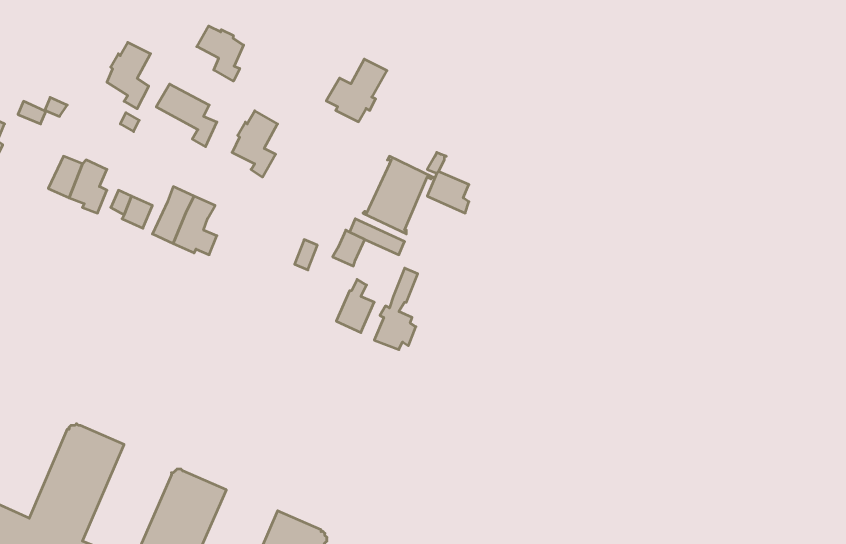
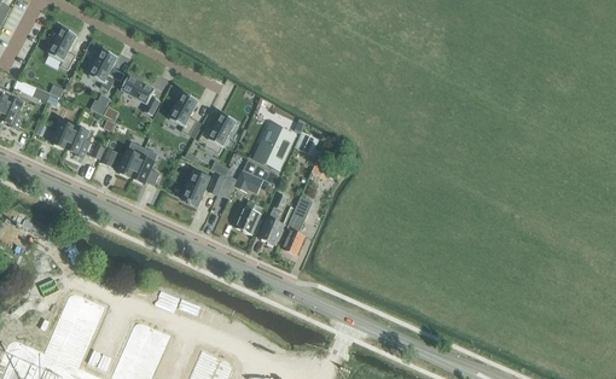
building: none -> [48,28,77,70]
building: [197,26,244,81] -> none
building: [326,59,387,122] -> [198,113,237,153]
building: none -> [182,169,210,206]
building: none -> [284,196,313,253]

